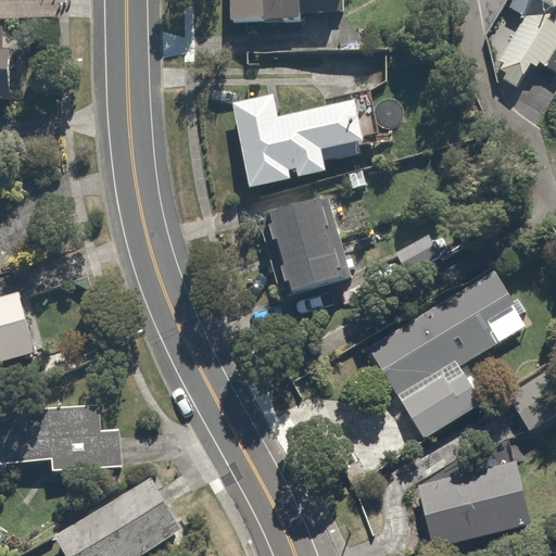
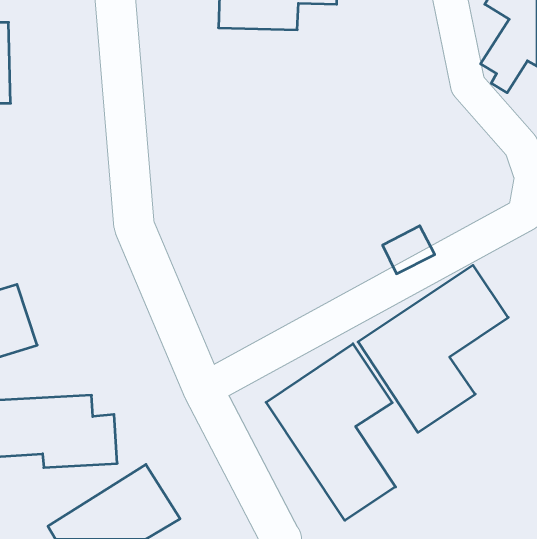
building: [235,96,368,193] -> none
building: [254,193,355,307] -> none
building: none -> [266,344,396,520]
building: [410,459,531,544] -> none

